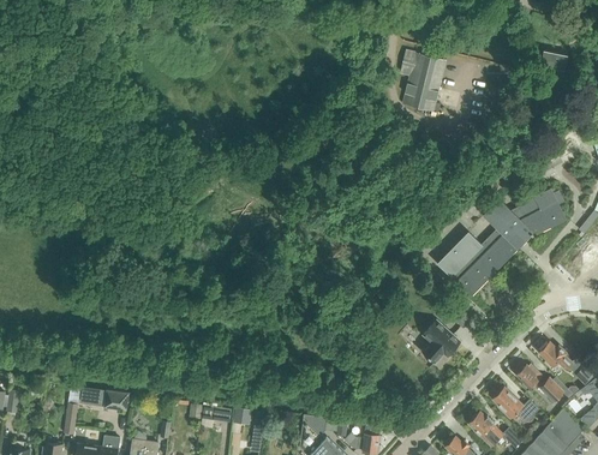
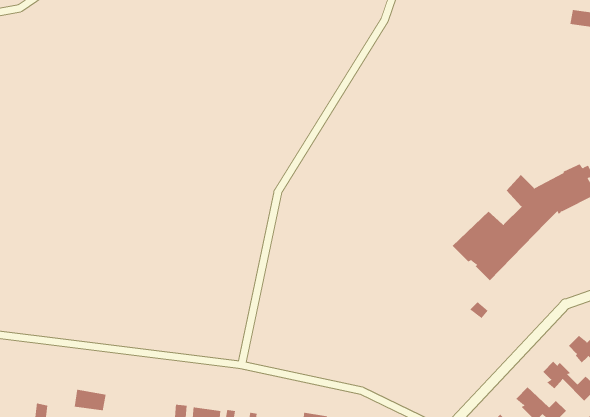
building: [400,52,445,113] -> none
building: [419,323,460,364] -> none

